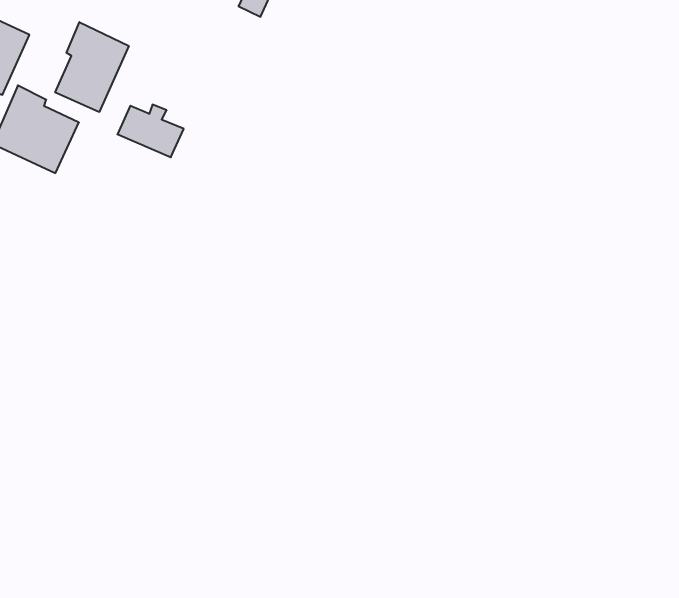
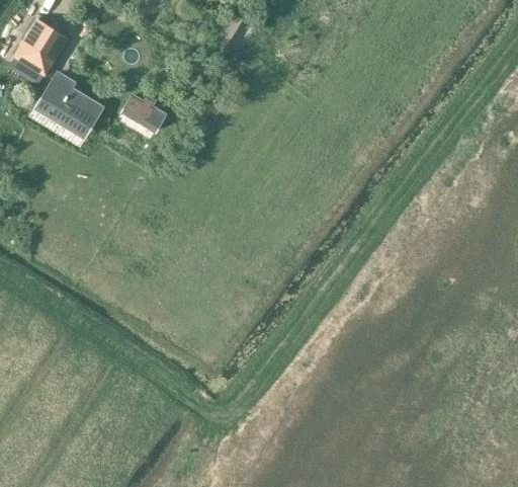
building: [55,22,129,112] -> none

